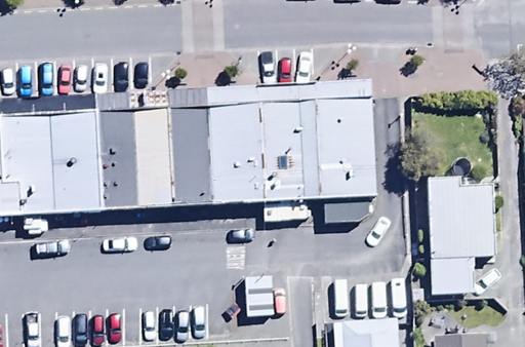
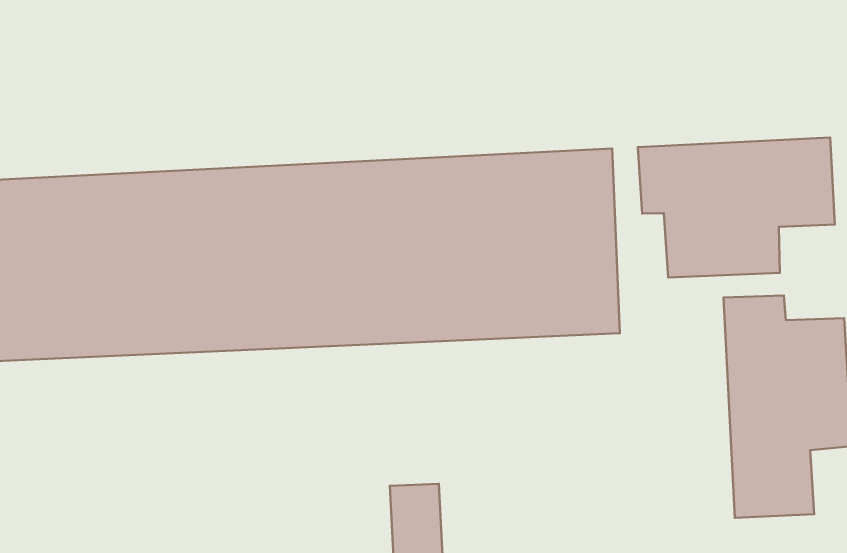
building: none -> [638,137,835,277]

